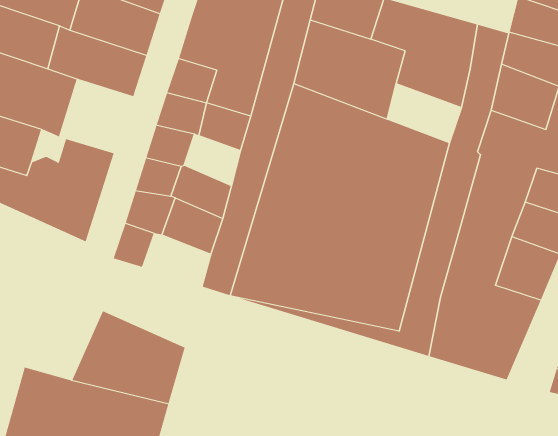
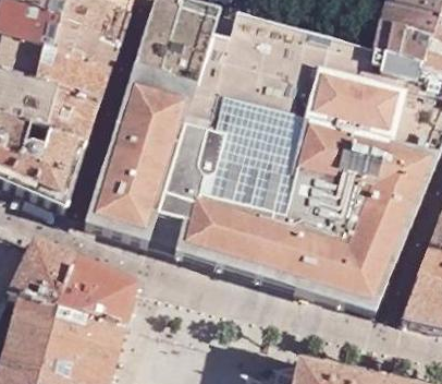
building: none -> [45,86,99,141]
building: none -> [285,89,340,133]
building: none -> [136,127,177,165]
building: none -> [106,200,156,239]
building: none -> [5,237,76,308]

